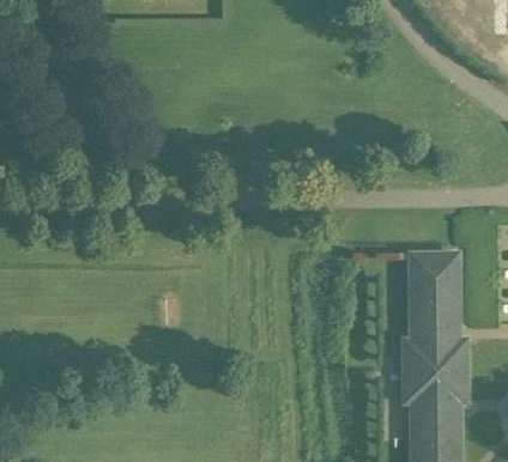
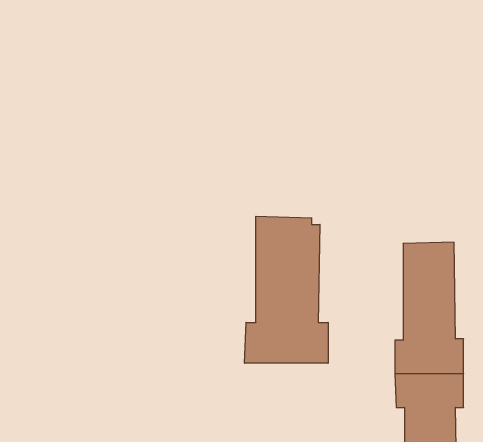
building: none -> [245,216,328,363]

